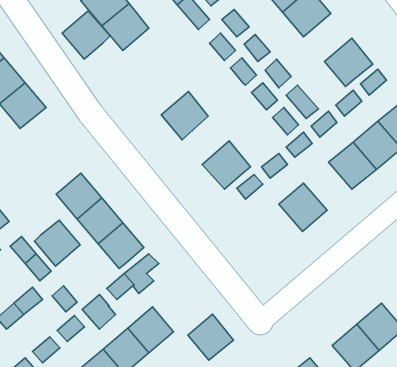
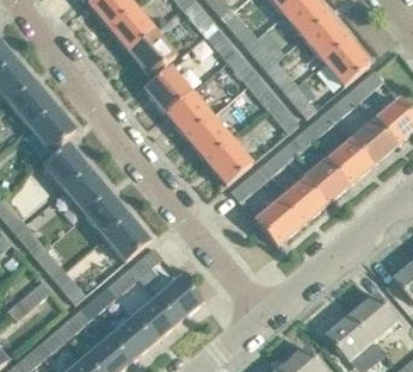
building: [62,11,110,59] -> [129,29,175,75]
building: none -> [303,14,350,61]
building: none -> [146,67,192,112]
building: none -> [30,105,75,149]
building: none -> [186,113,232,160]
building: none -> [303,157,350,204]
building: none -> [255,198,302,244]
building: [34,220,80,266] -> [44,144,88,188]
building: [188,314,234,360] -> [158,277,202,321]

